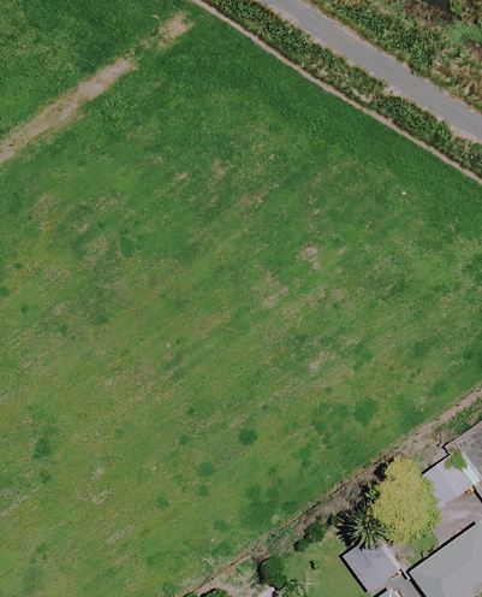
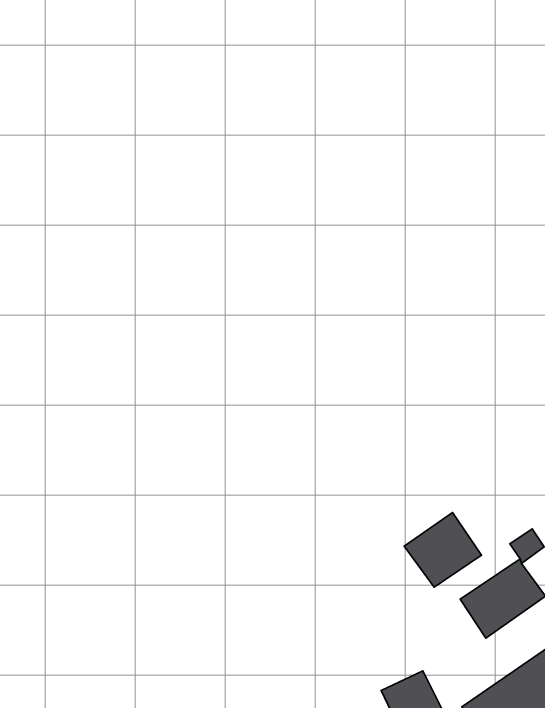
building: none -> [404,512,482,587]

